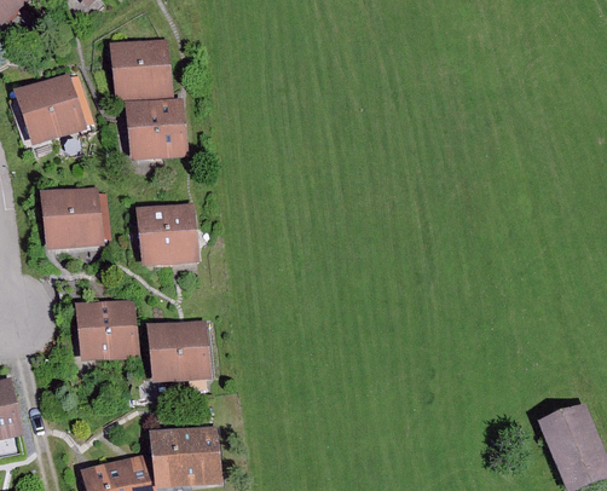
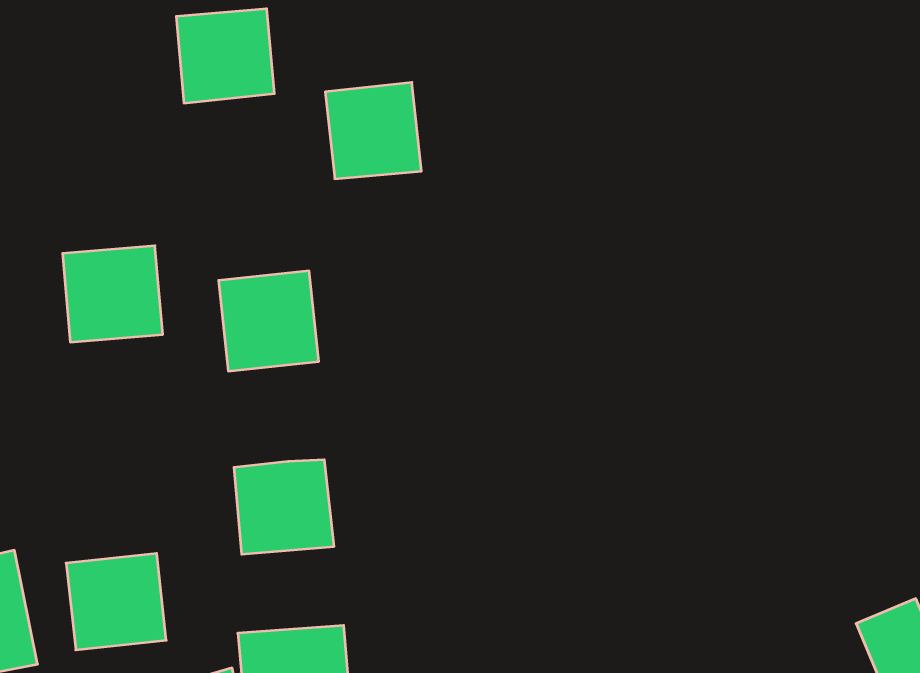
building: [15,73,86,145] -> none
building: [128,99,189,160] -> [325,82,421,179]
building: [76,299,139,359] -> [66,553,166,650]

